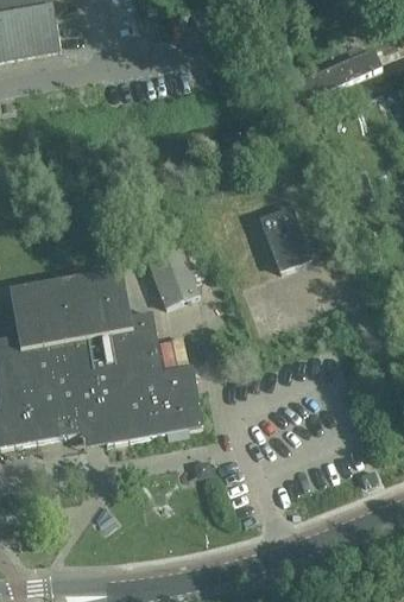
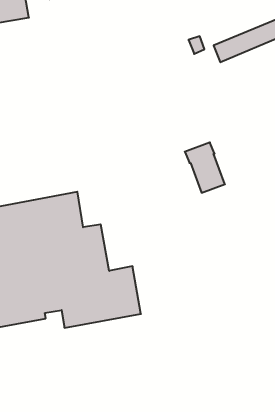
building: [150,246,200,304] -> none

